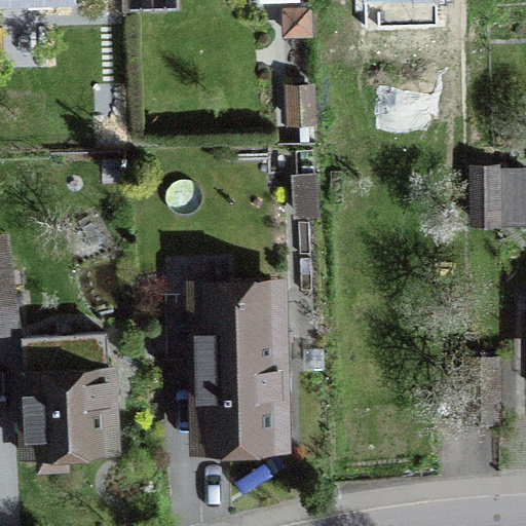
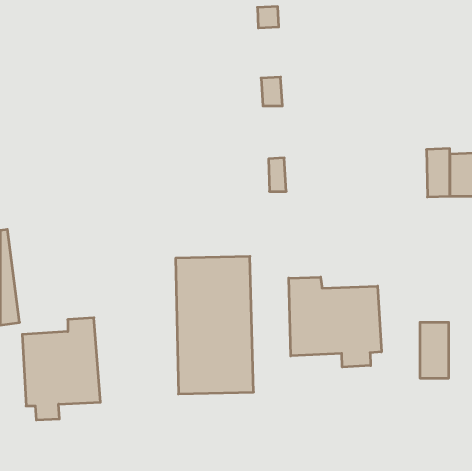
building: none -> [289,277,381,367]

